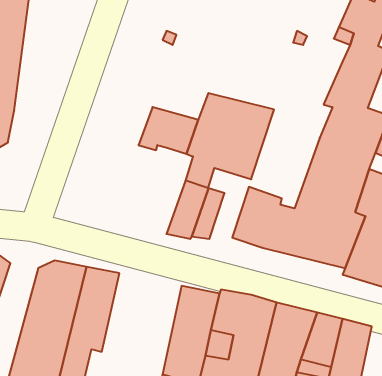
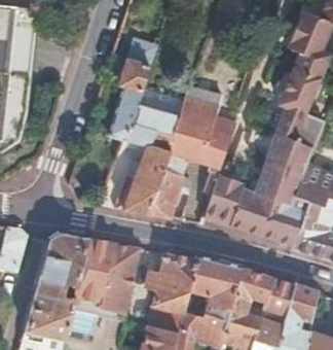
building: none -> [100,57,152,141]
building: none -> [117,143,171,213]
building: none -> [97,245,138,314]

